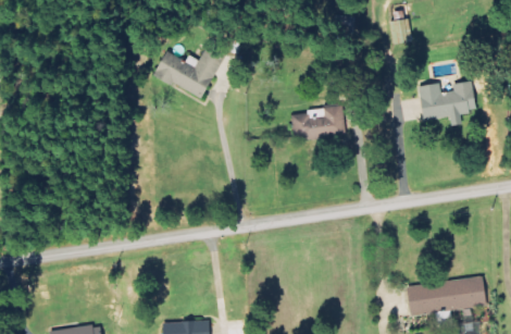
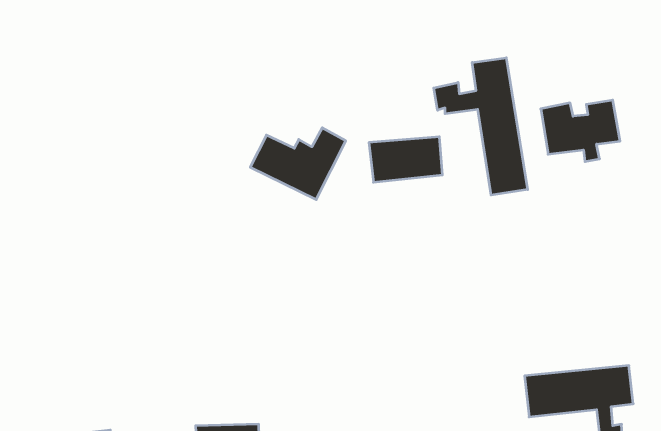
building: [152,46,223,99] -> [250,128,346,200]
building: none -> [434,58,528,195]

